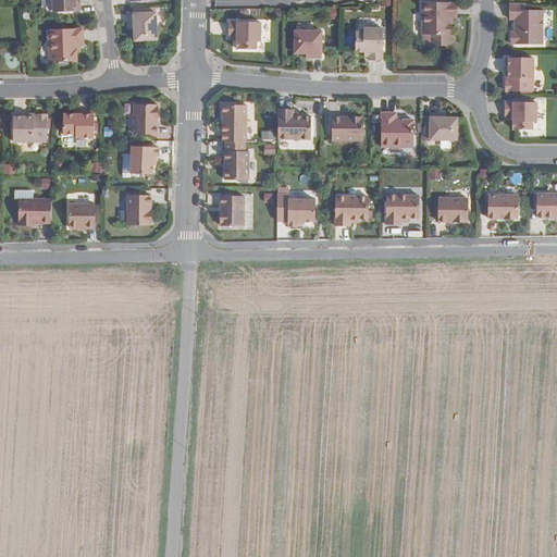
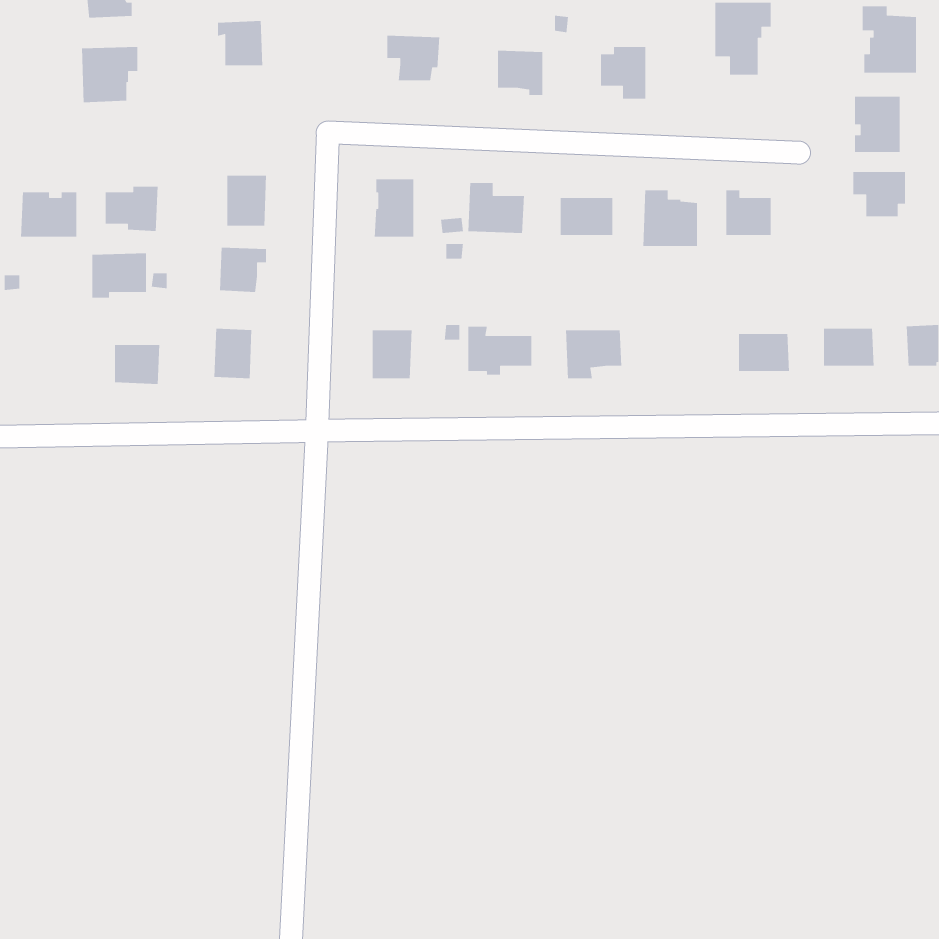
building: [224,150,247,178] -> none
building: [384,194,418,223] -> none
building: [17,198,50,225] -> [91,252,147,298]

